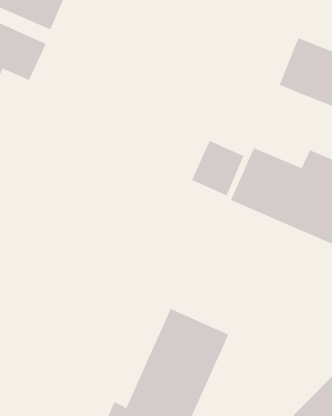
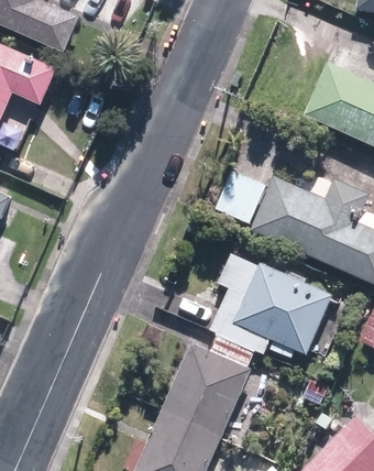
building: none -> [234,264,331,352]

